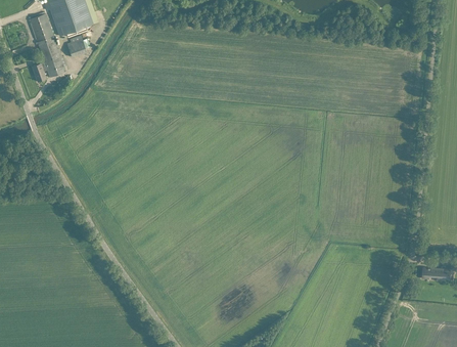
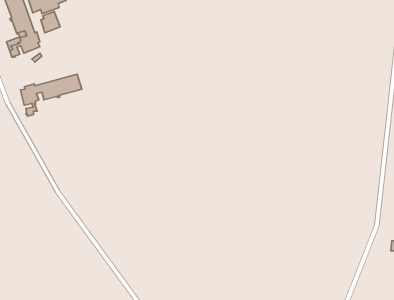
building: none -> [21,74,82,116]

